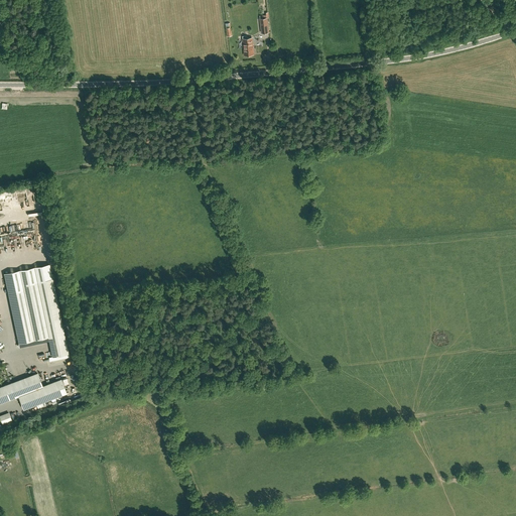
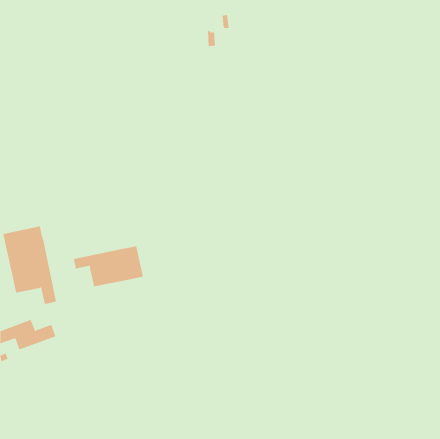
building: none -> [73,246,144,287]

